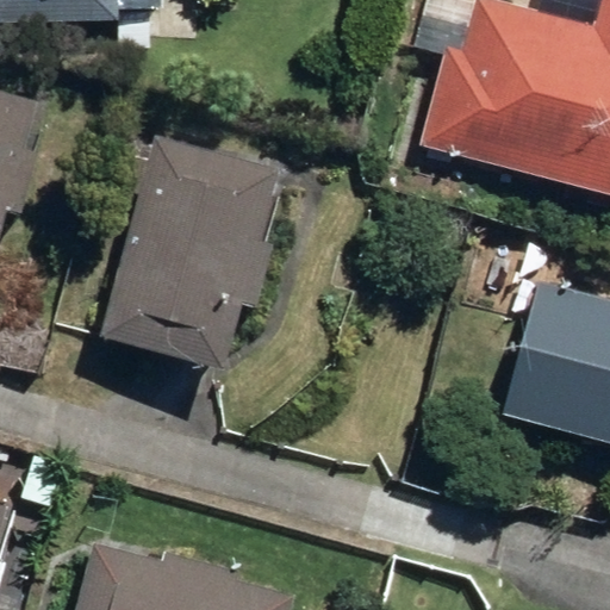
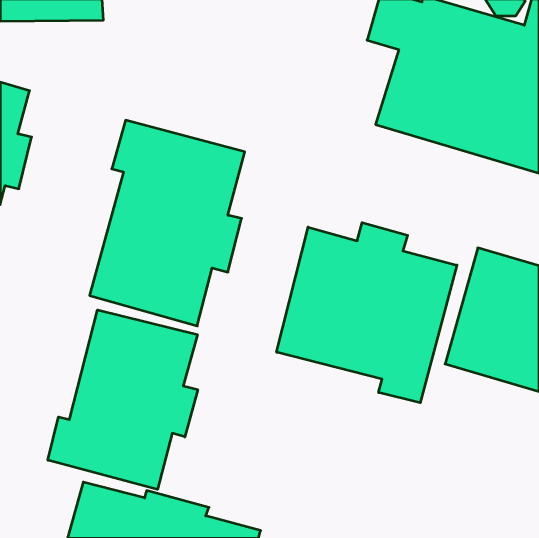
building: none -> [277,223,457,403]
building: none -> [48,310,198,489]

